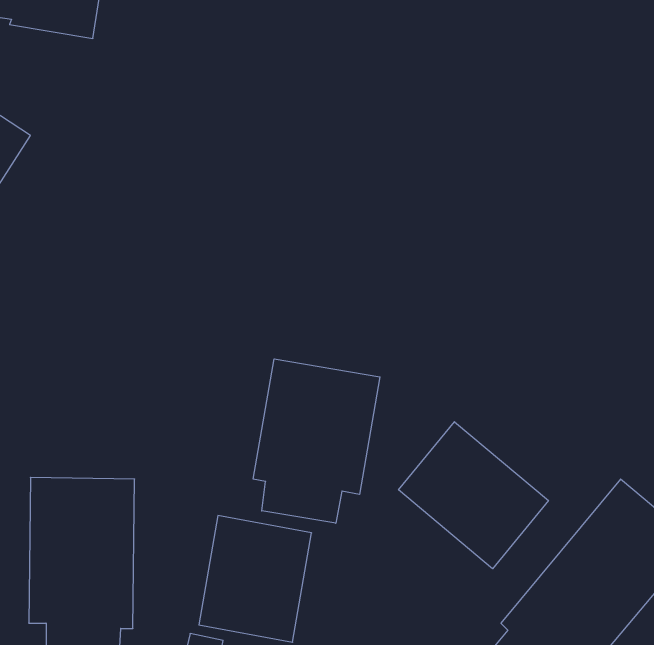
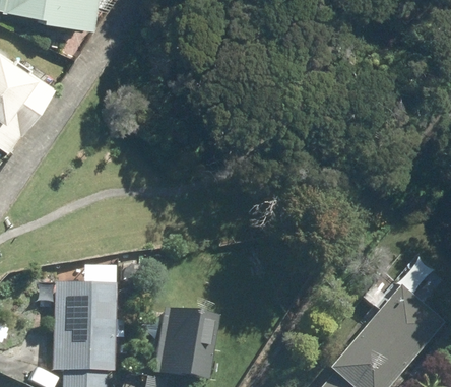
building: [253,359,380,523] -> none
building: [399,422,548,569] -> none

